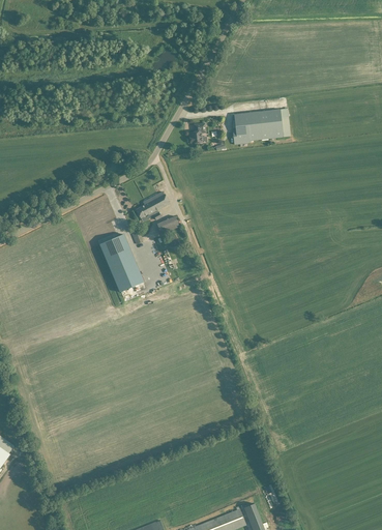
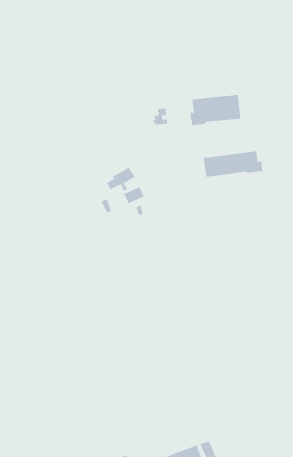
building: none -> [203,151,263,178]
building: [98,235,143,292] -> none

